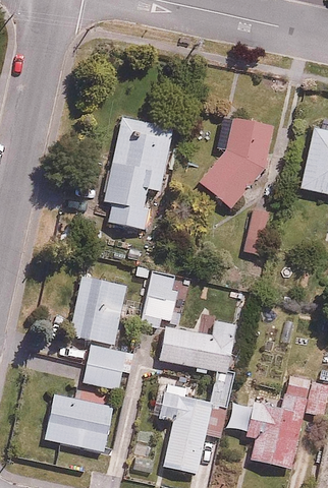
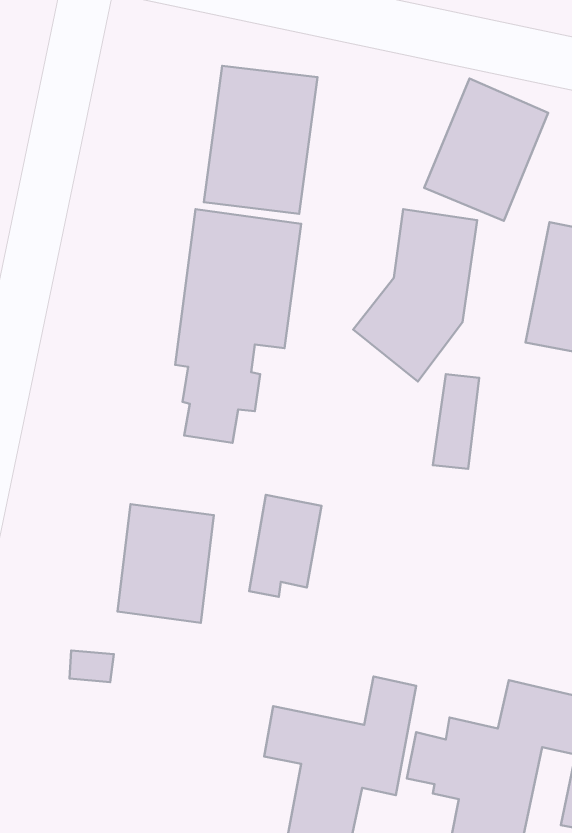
building: none -> [204,66,317,214]
building: none -> [424,79,548,221]
building: [159,320,236,370] -> none
building: [45,344,134,452] -> none

